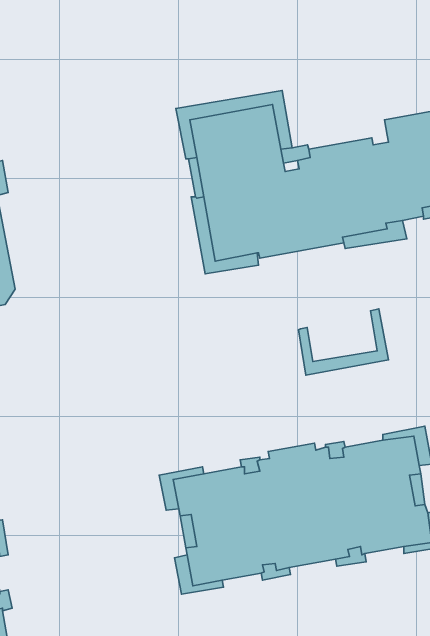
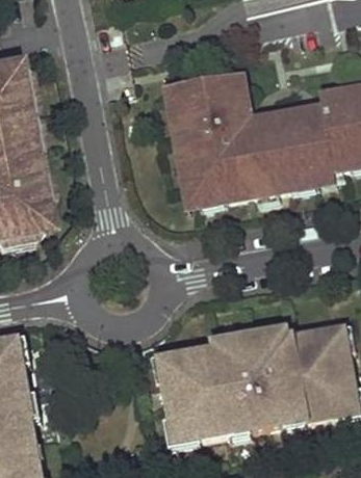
building: [299,309,388,375] -> none

